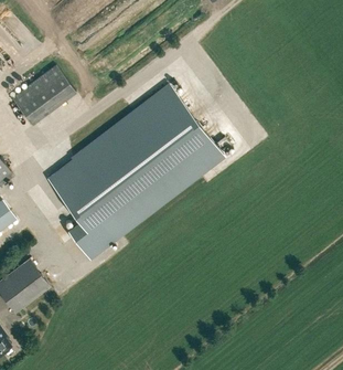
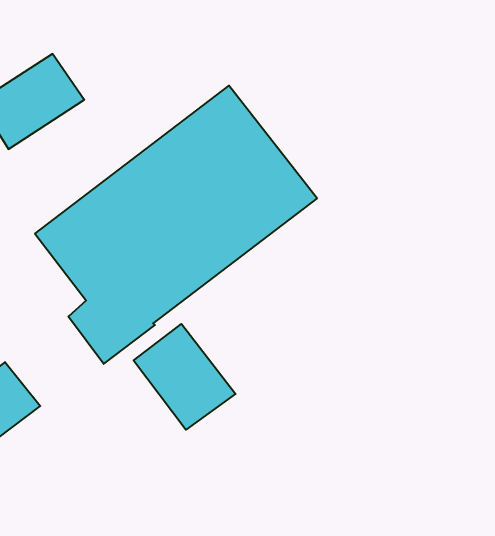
building: none -> [134,324,236,430]

